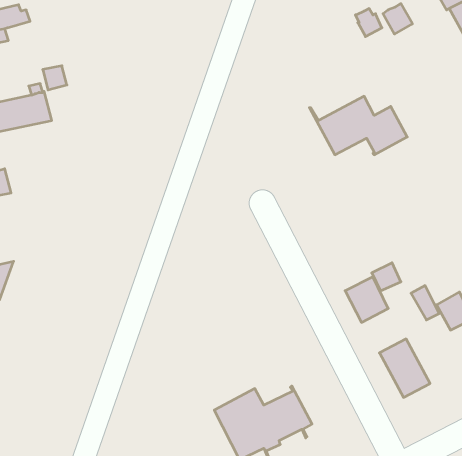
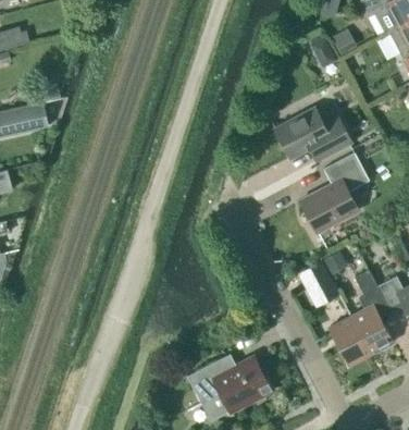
building: none -> [301,152,370,232]
building: none -> [351,304,394,354]

